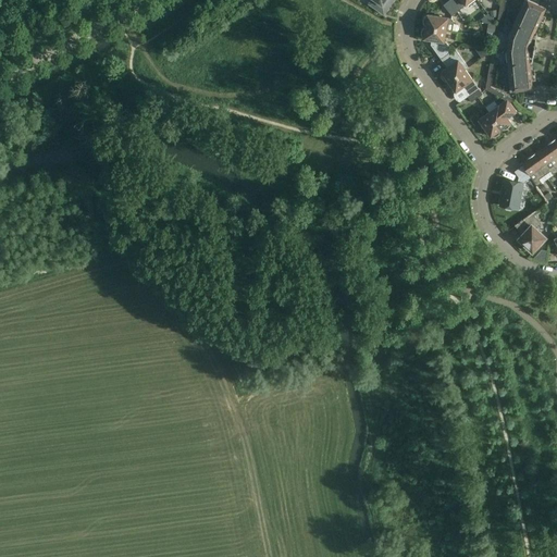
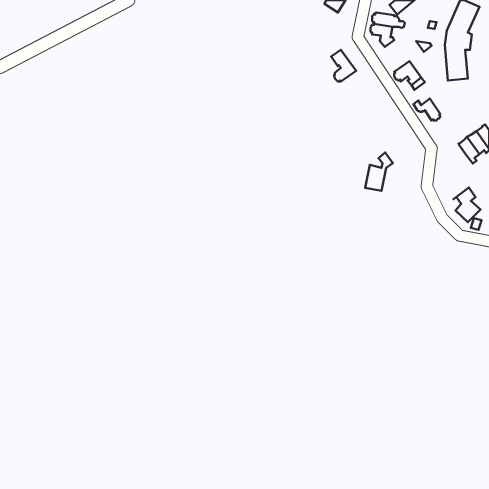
building: [437,46,466,82] -> [331,50,356,81]
building: [488,95,517,131] -> none
building: [499,165,531,209] -> [365,153,393,191]

